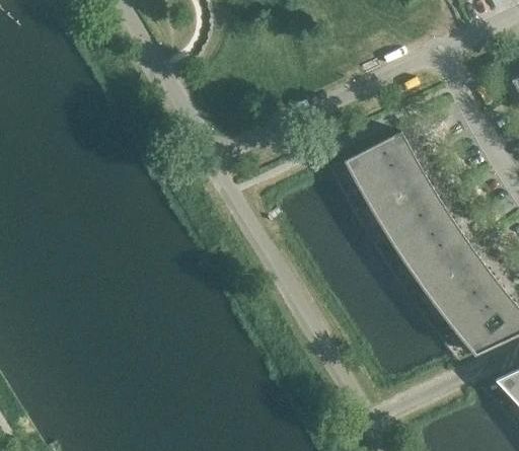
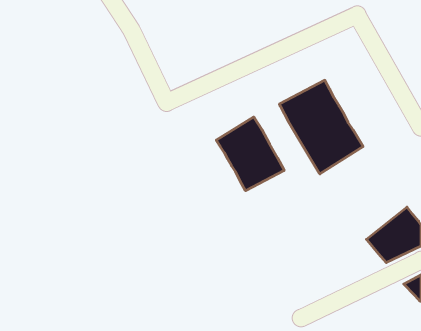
building: none -> [216,117,284,191]
building: [394,213,501,326] -> none

